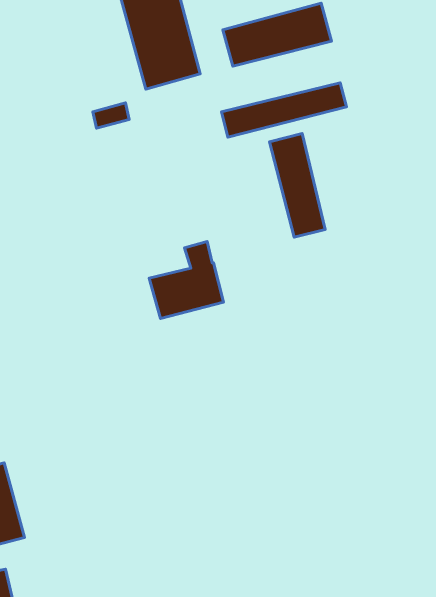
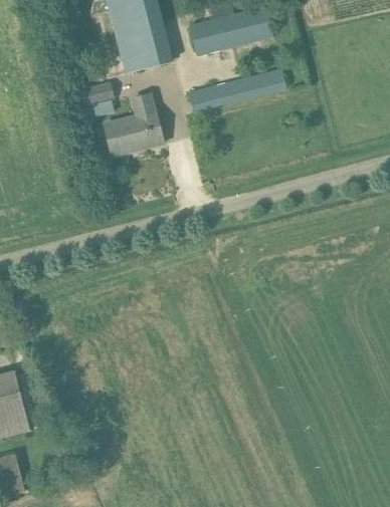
building: [269,134,325,237] -> none
building: [149,242,224,319] -> [104,94,163,156]

